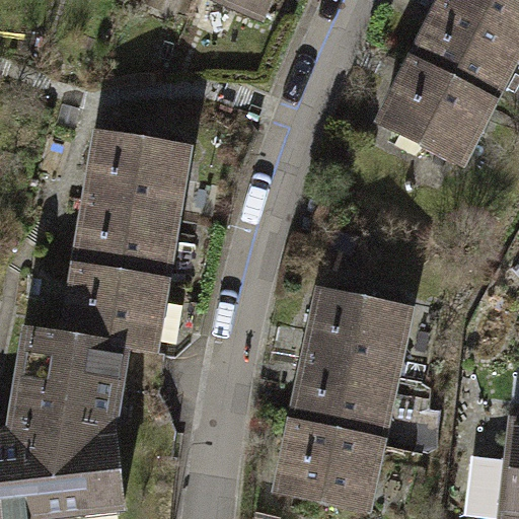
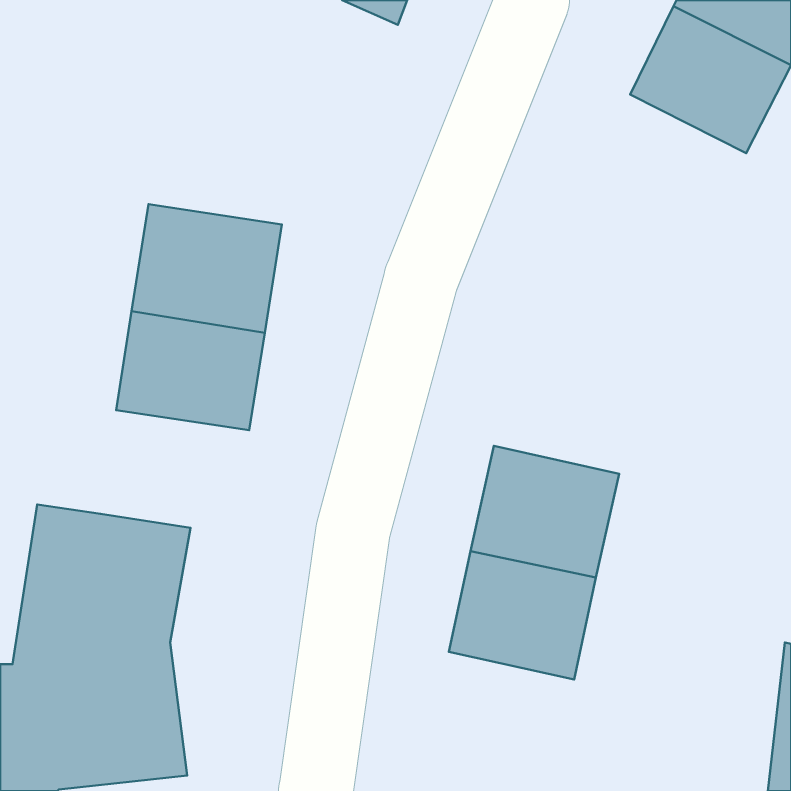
building: [383,62,489,158] -> none
building: [66,269,163,351] -> none
building: [280,427,376,511] -> none

